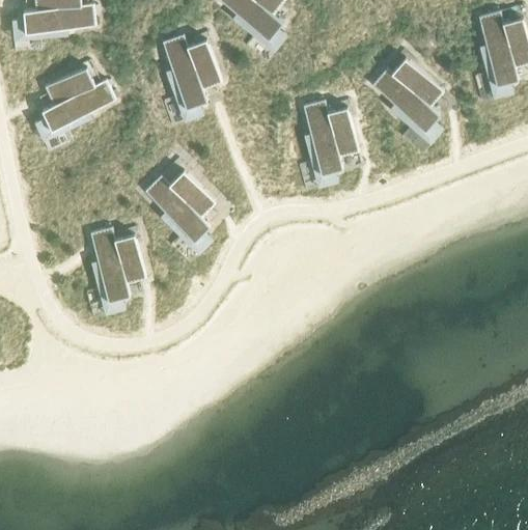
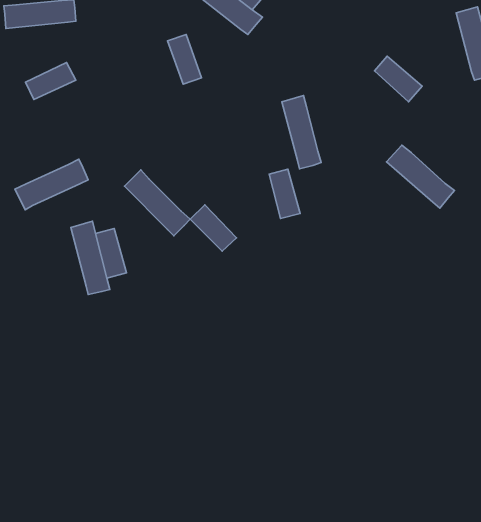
building: [162,34,207,109] -> none
building: [371,68,440,132] -> [386,145,454,208]
building: [41,80,115,131] -> [15,159,88,210]
building: [328,107,359,157] -> [269,169,300,219]
building: [169,170,216,217] -> [190,205,237,251]

